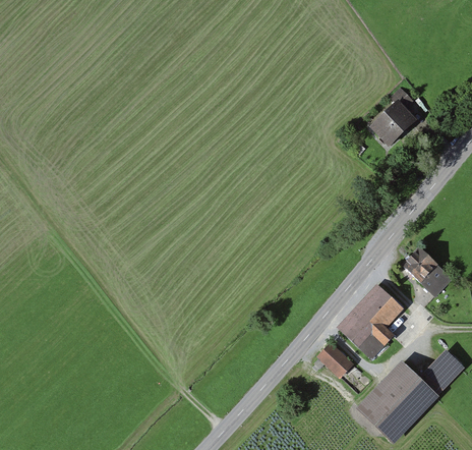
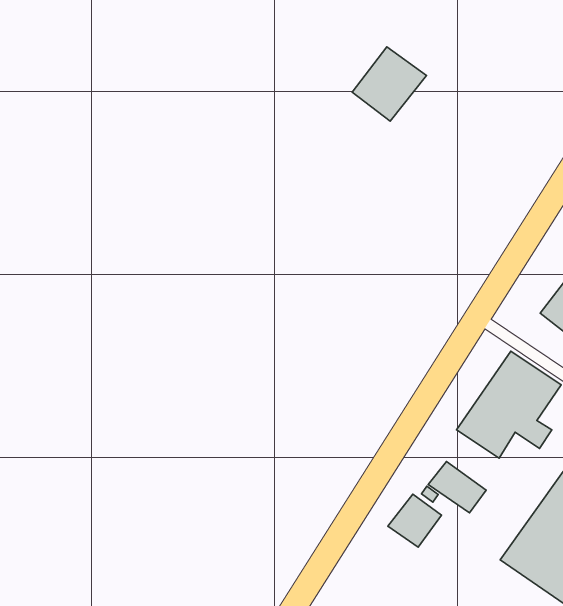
building: [375,100,422,146] -> [352,47,426,121]
building: none -> [388,494,441,547]

